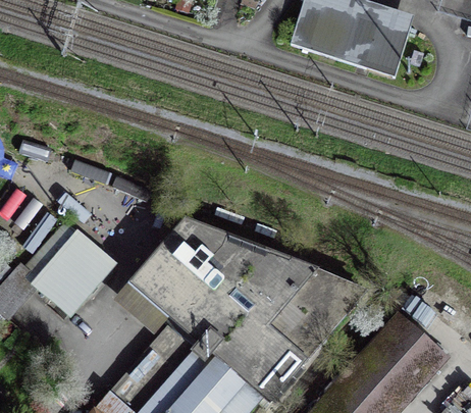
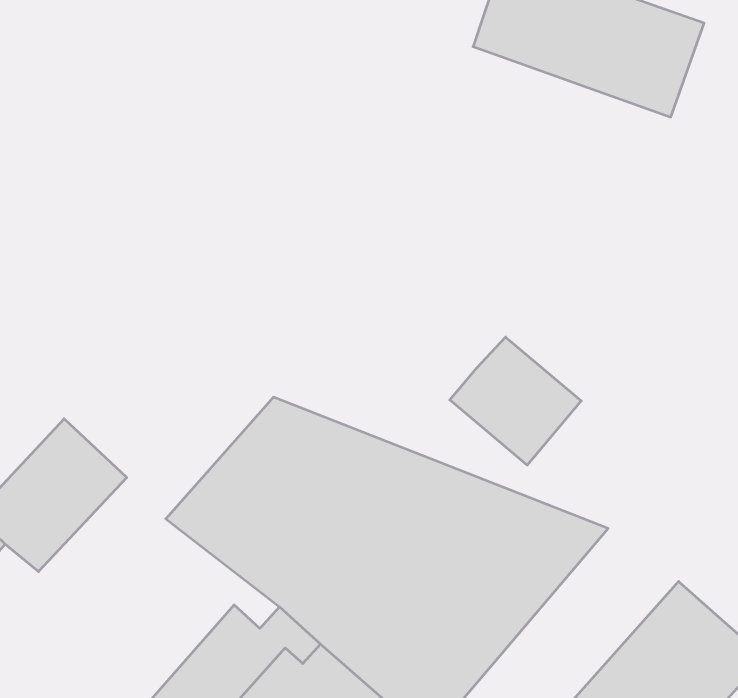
building: none -> [450,337,581,465]

